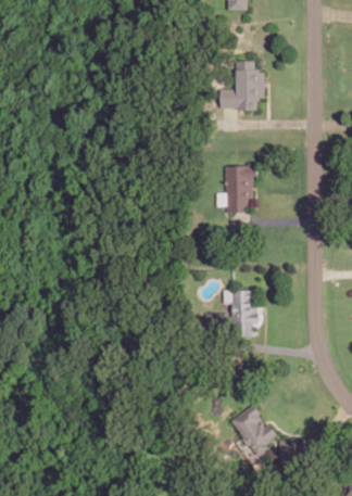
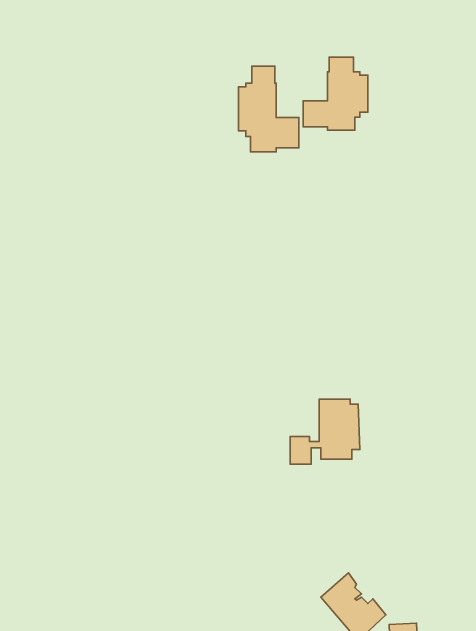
building: none -> [238,66,299,152]
building: [224,165,256,213] -> none

